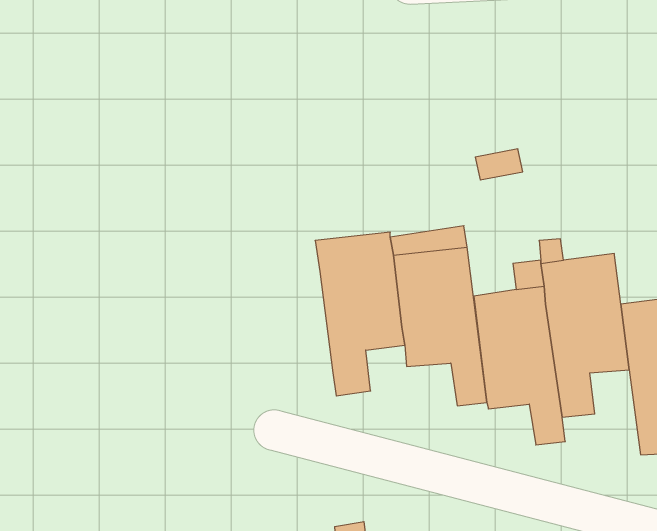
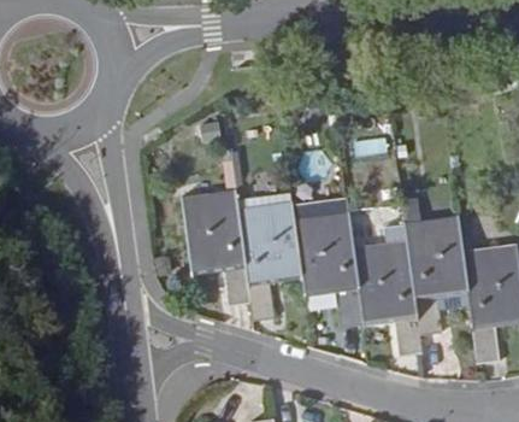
building: none -> [182,188,250,303]

